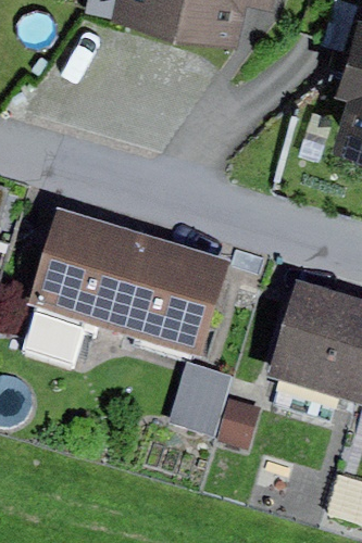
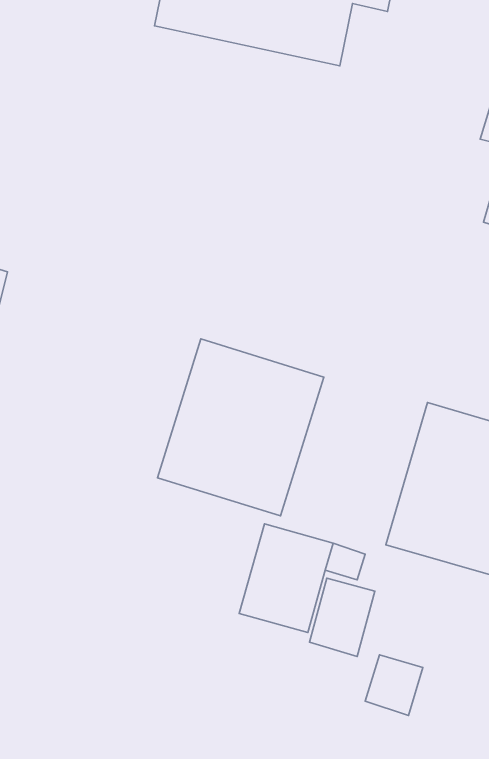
building: [23,213,143,365] -> none

